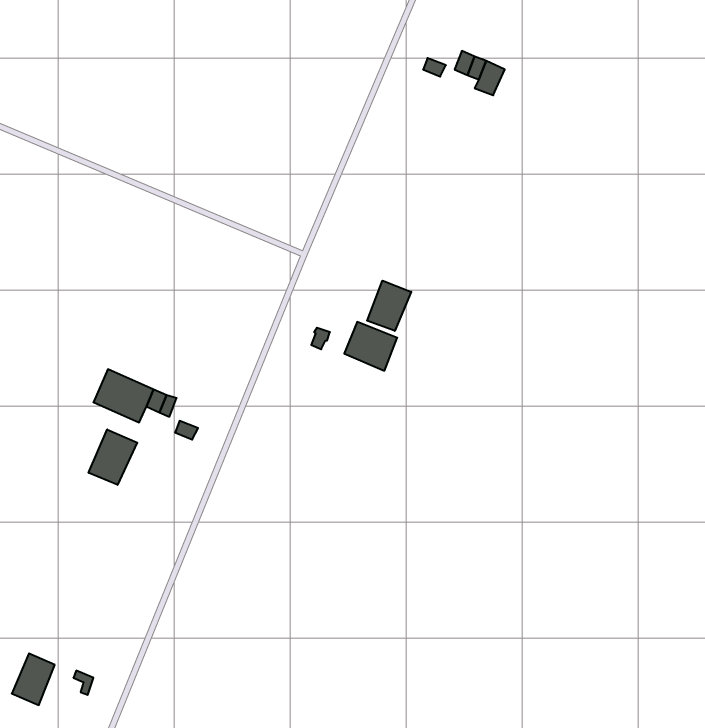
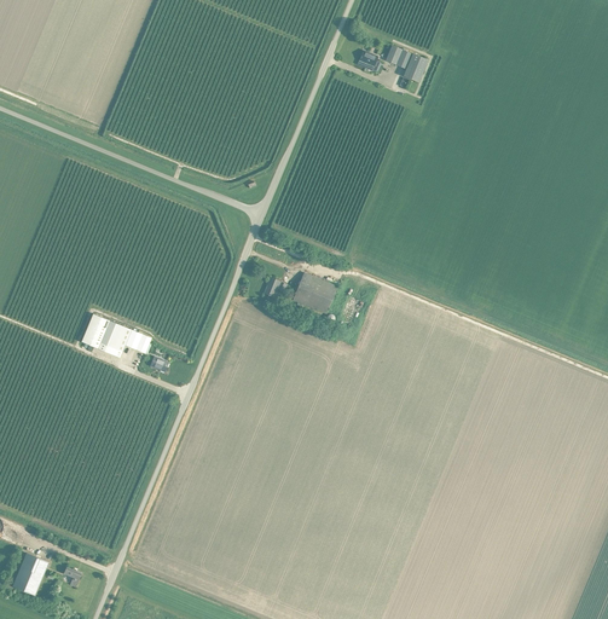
building: [367,281,411,331] -> none
building: [89,429,137,485] -> none

